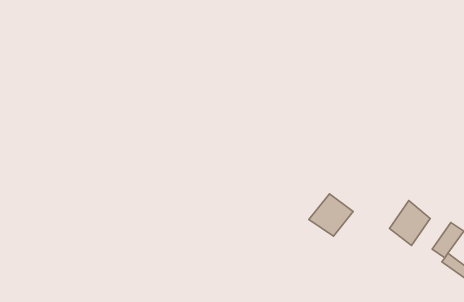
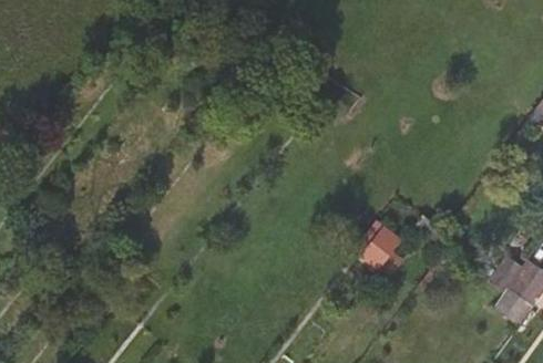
building: [389,201,430,245] -> none

